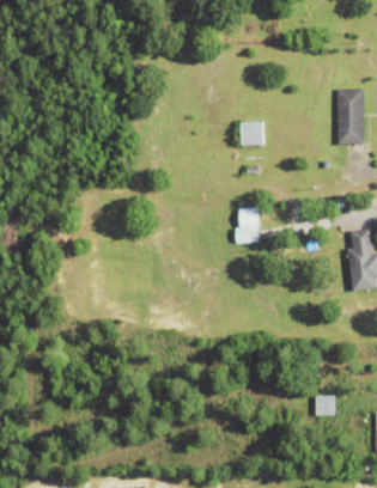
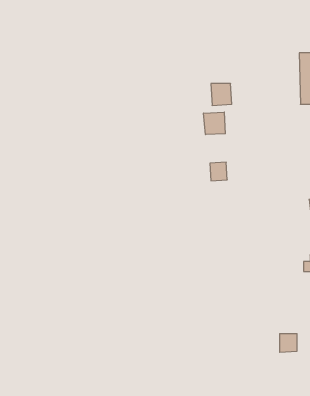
building: none -> [204,112,225,135]

